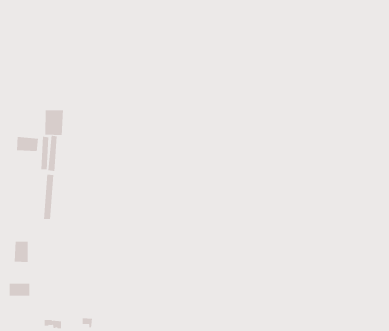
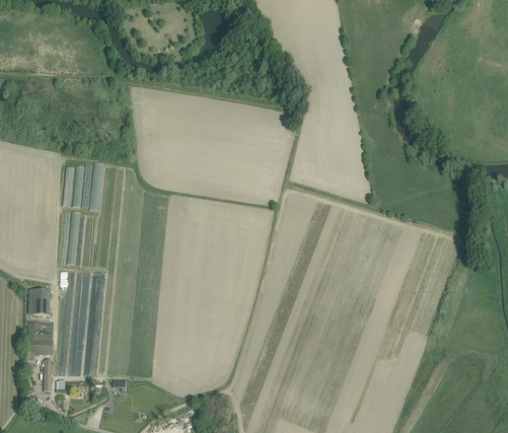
building: [45,110,63,136] -> none
building: [17,136,39,152] -> none

